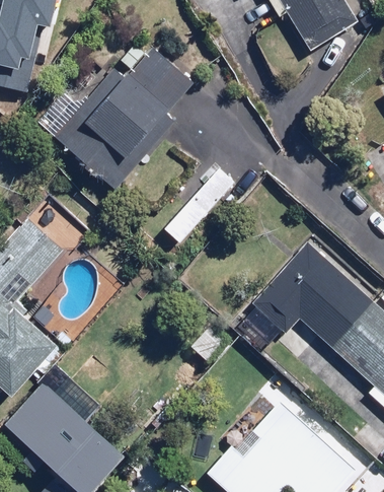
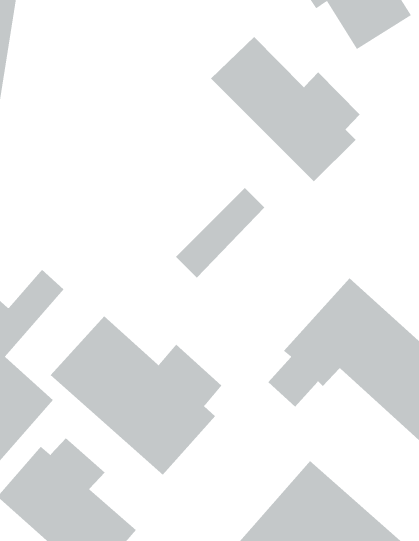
building: none -> [210,36,360,182]
building: [60,42,194,186] -> none
building: none -> [50,316,222,476]

